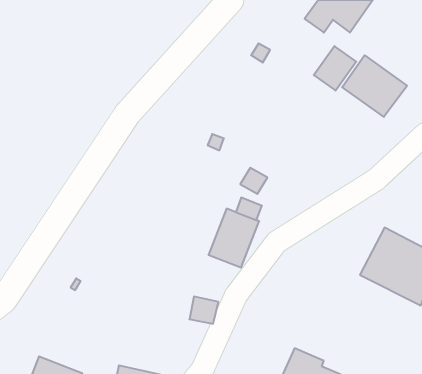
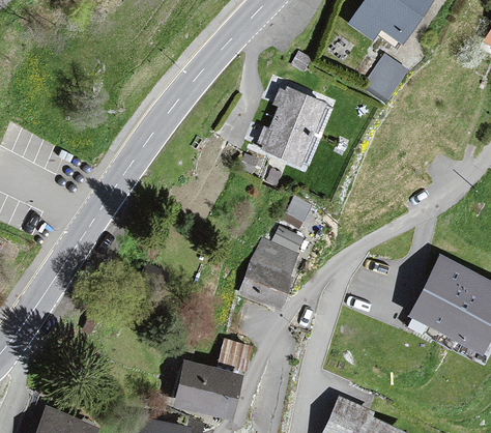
building: [342,55,407,117] -> none
building: none -> [256,87,324,164]
building: none -> [177,364,240,415]

